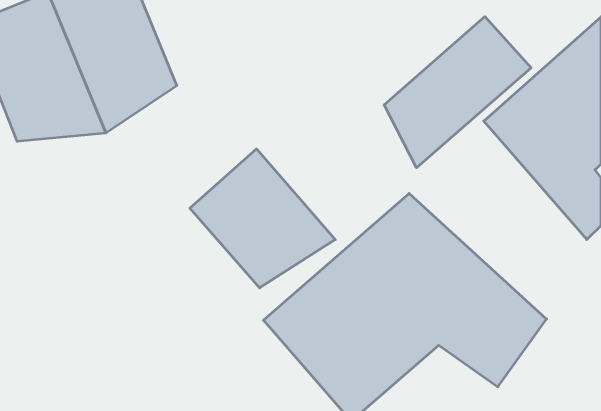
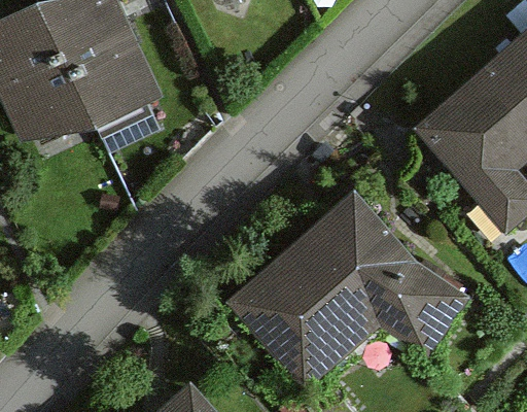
building: [384,17,531,168] -> none
building: [190,149,335,288] -> none

